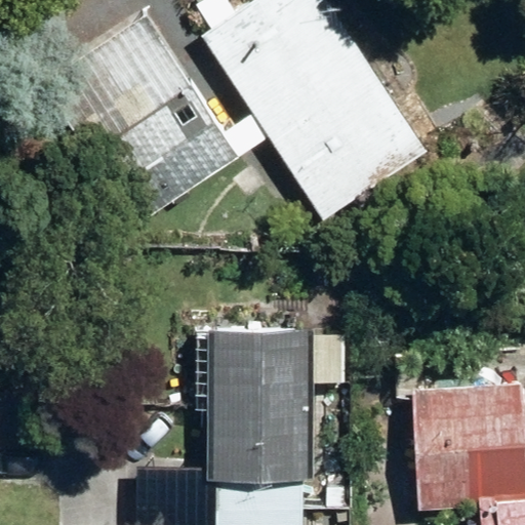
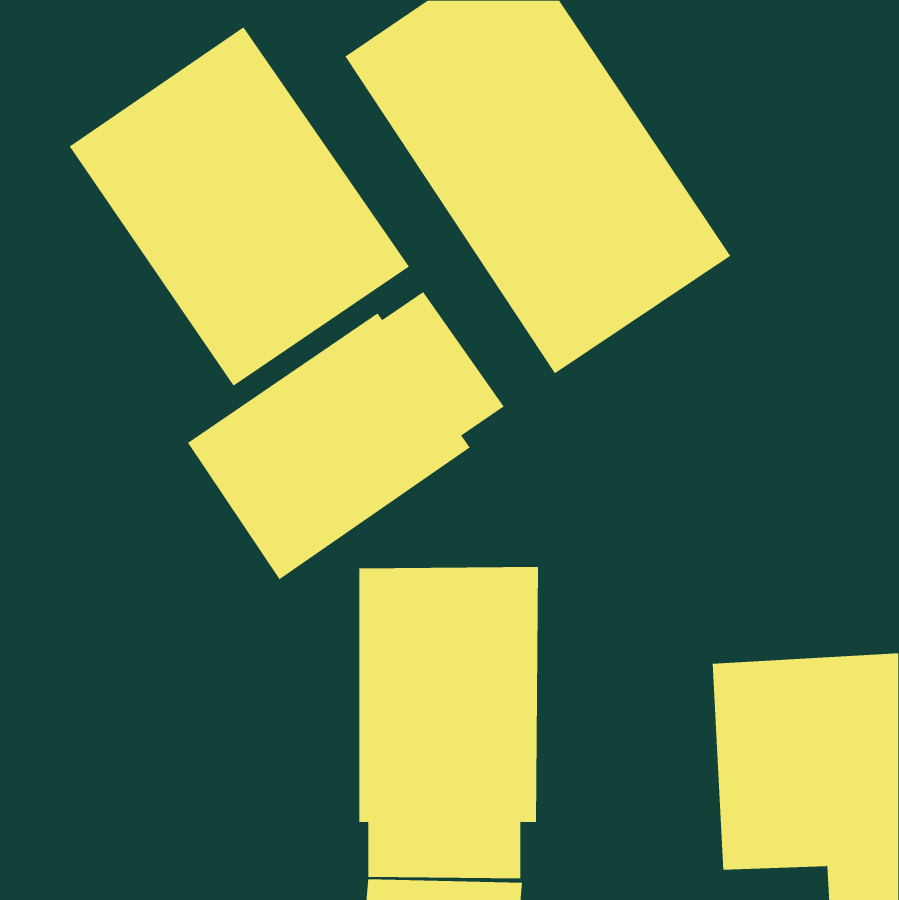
building: none -> [187,291,504,580]

